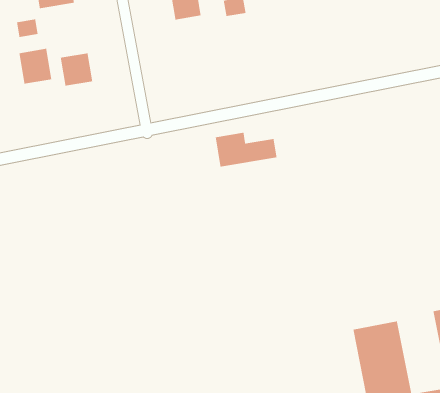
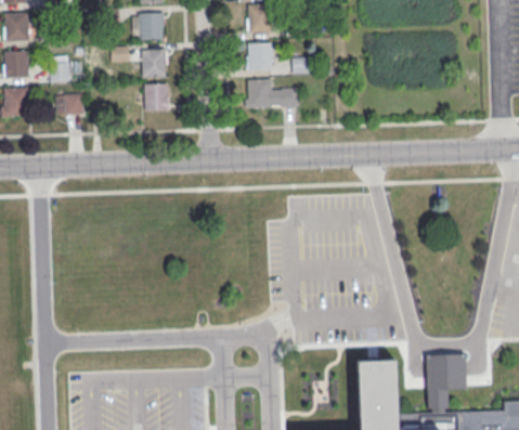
building: [19,48,52,85] -> [142,49,167,77]
building: [215,132,277,167] -> [247,79,298,106]

